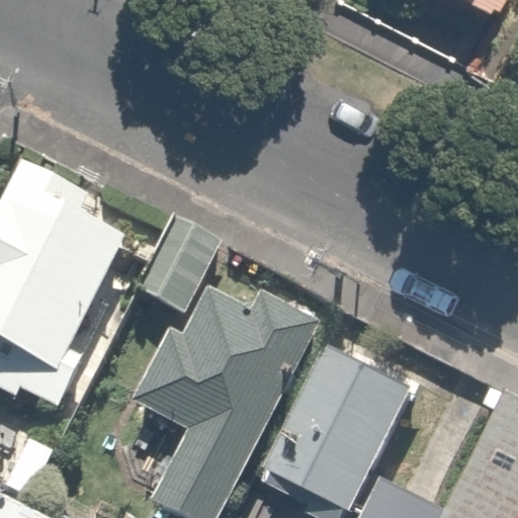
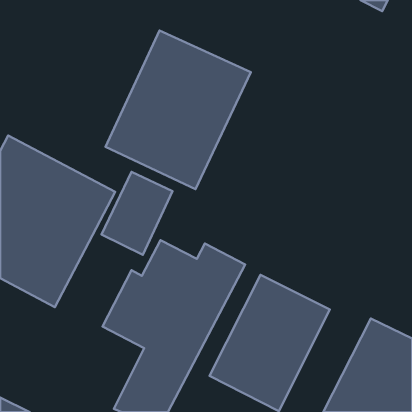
building: none -> [105,30,251,189]

